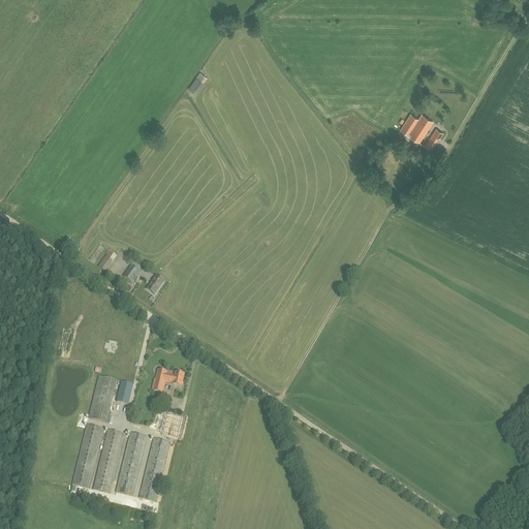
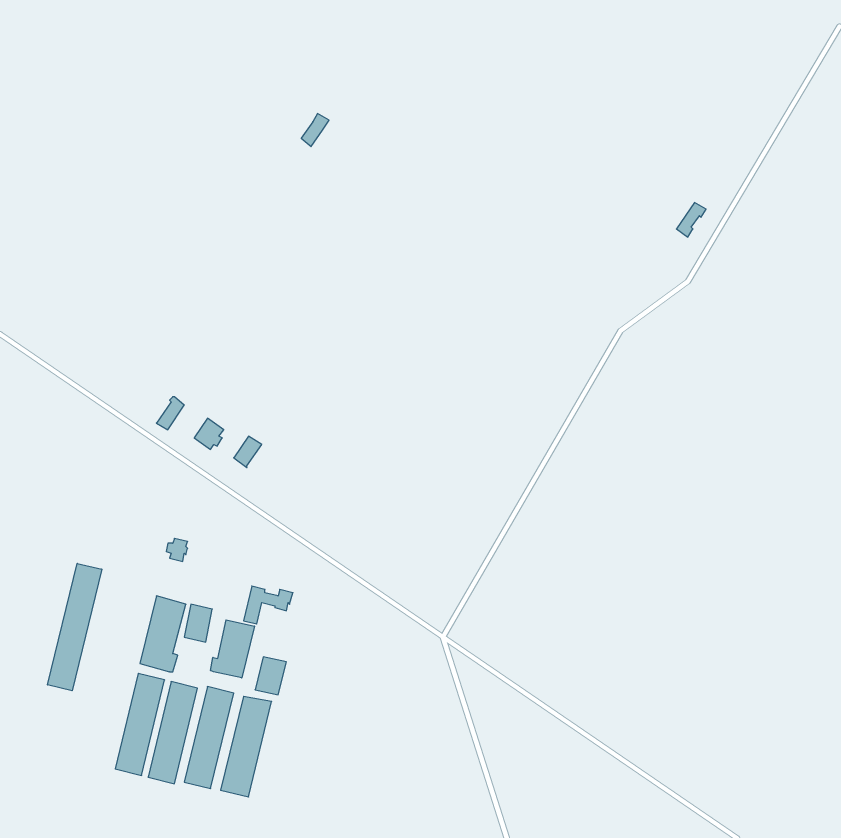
building: [400,112,433,141] -> none
building: none -> [48,563,102,691]
building: none -> [211,620,254,678]

